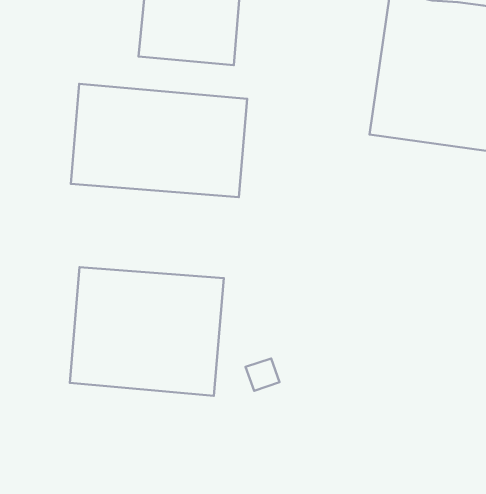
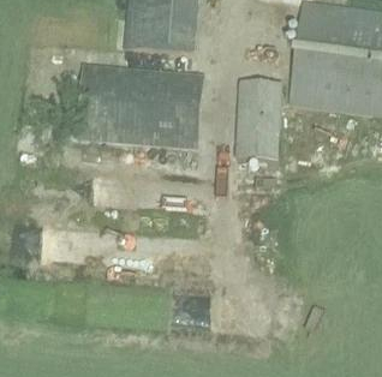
building: none -> [237,78,279,152]
building: [70,267,224,396] -> none

